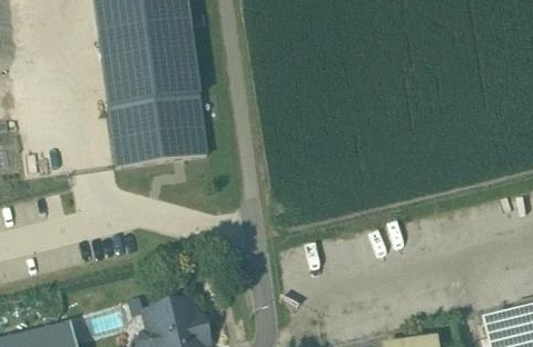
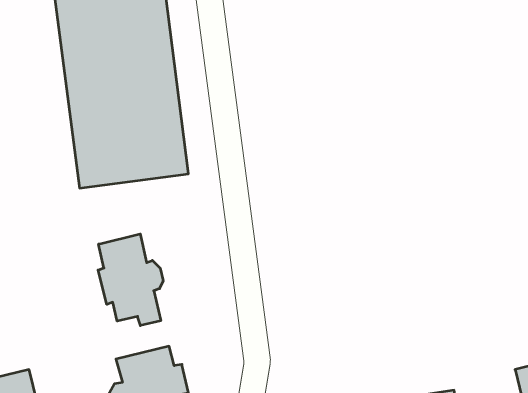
building: none -> [98,234,163,326]

